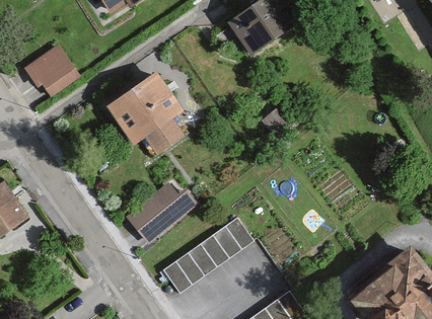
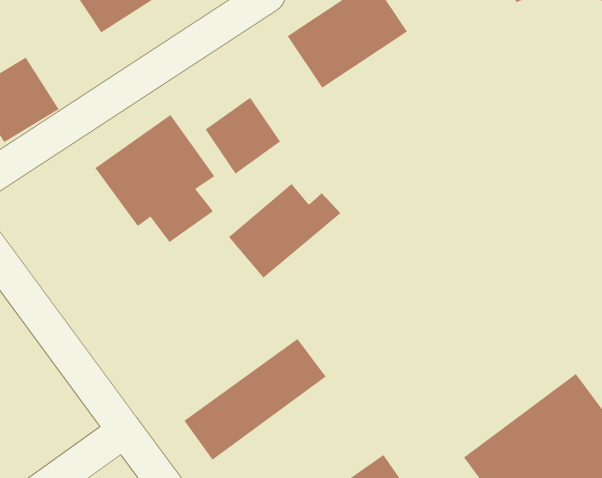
building: none -> [205,97,281,174]
building: [126,180,198,241] -> [228,183,341,278]

